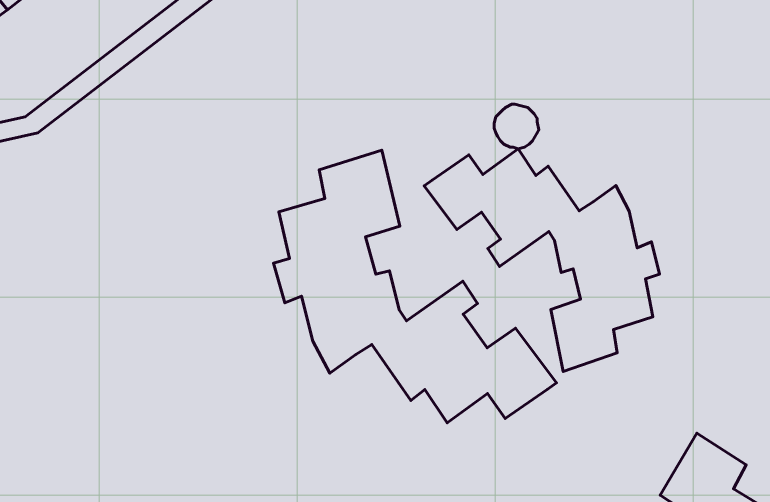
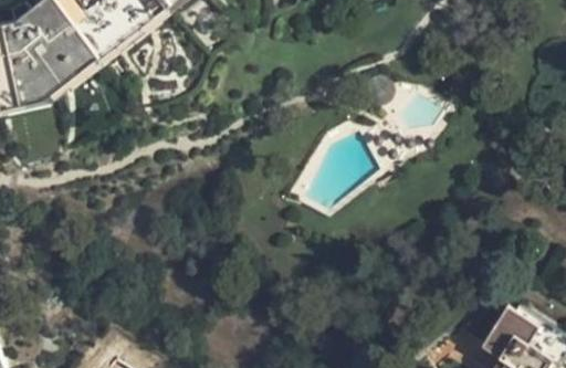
building: [424,149,659,372] -> none
building: [273,150,556,423] -> none

